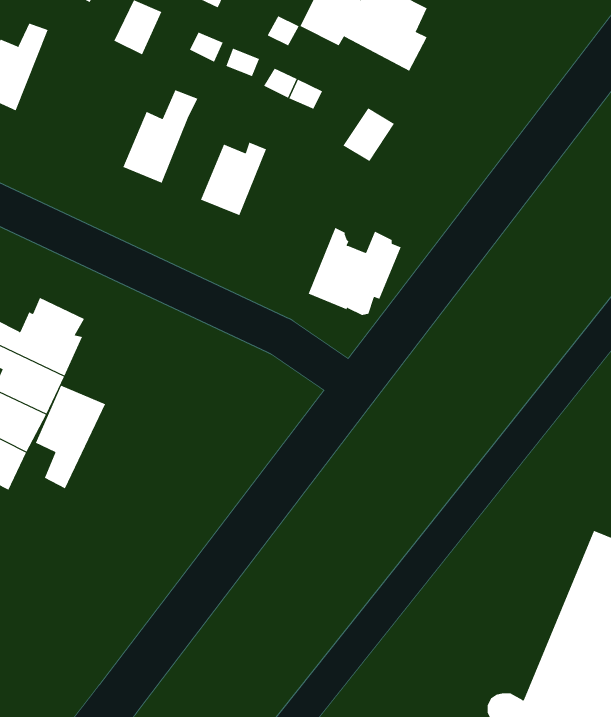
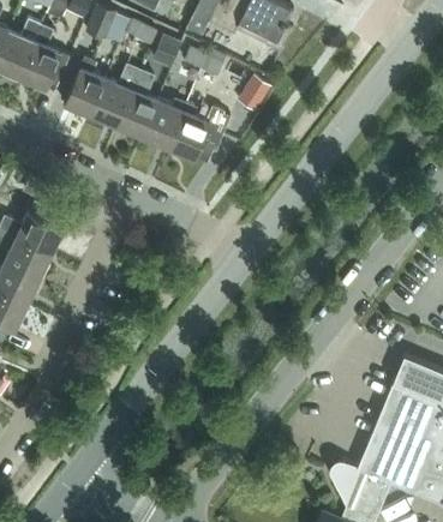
building: none -> [19,25,70,90]
building: none -> [64,59,106,116]
building: none -> [116,71,157,138]
building: [308,227,401,316] -> [168,104,231,163]
building: [35,385,106,489] -> none

